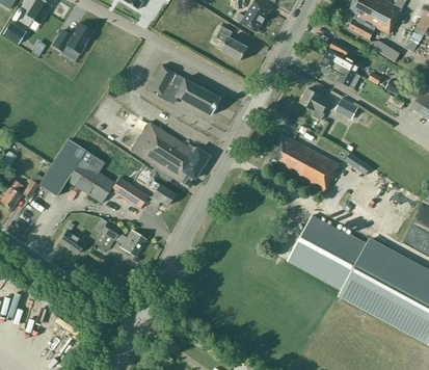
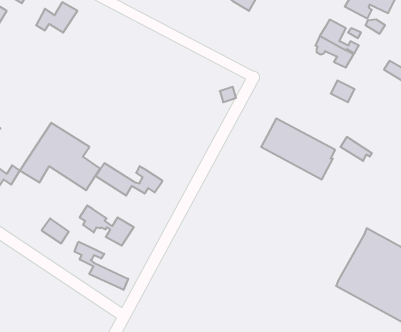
building: [216,26,247,60] -> none
building: [149,64,219,115] -> none
building: [299,87,328,120] -> none
building: [131,122,208,186] -> none
building: [287,214,367,289] -> none
building: none -> [74,242,128,290]

